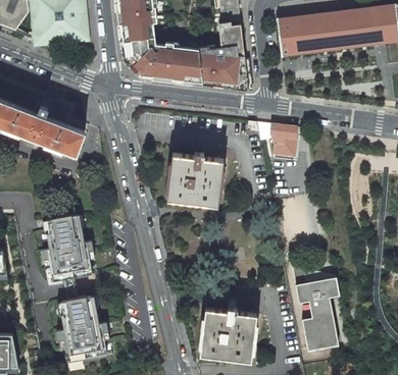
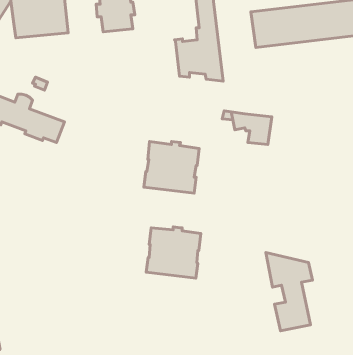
building: [120,37,203,86] -> none
building: [42,214,108,363] -> none
building: [200,307,256,360] -> [146,227,201,278]

